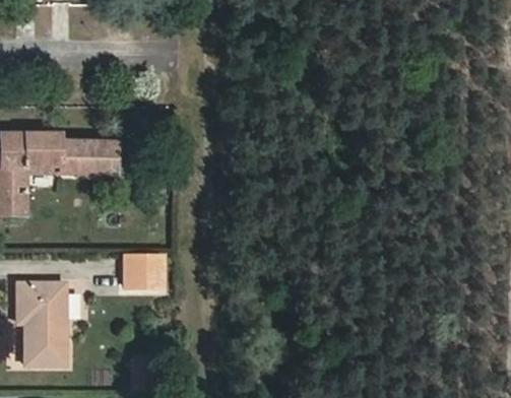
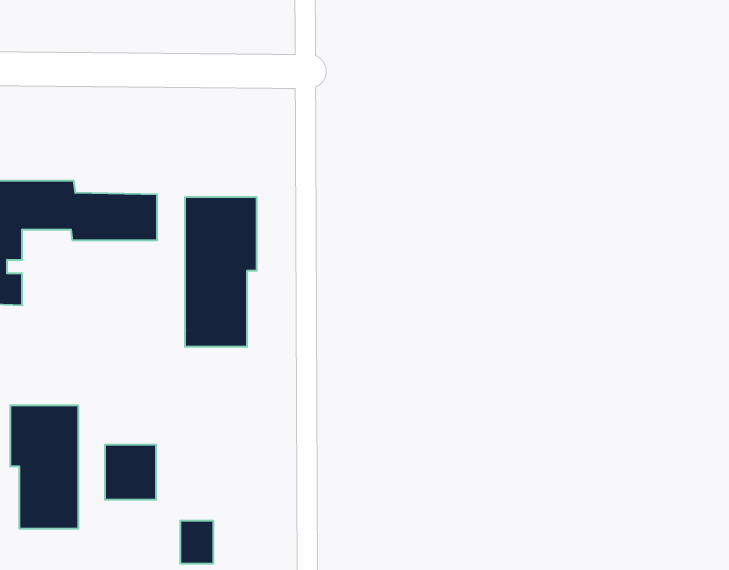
building: none -> [185,197,256,347]
building: [126,252,161,288] -> [105,445,156,500]

